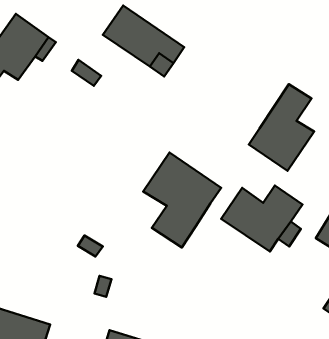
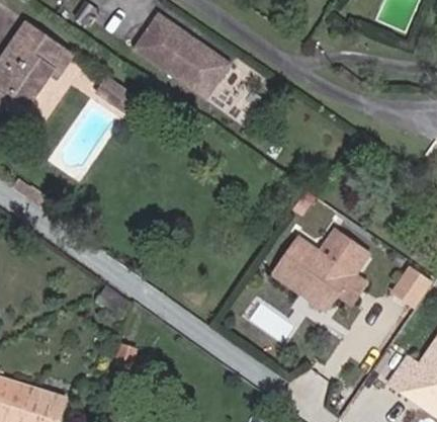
building: [249,84,314,171] -> none
building: [143,153,221,247] -> none

